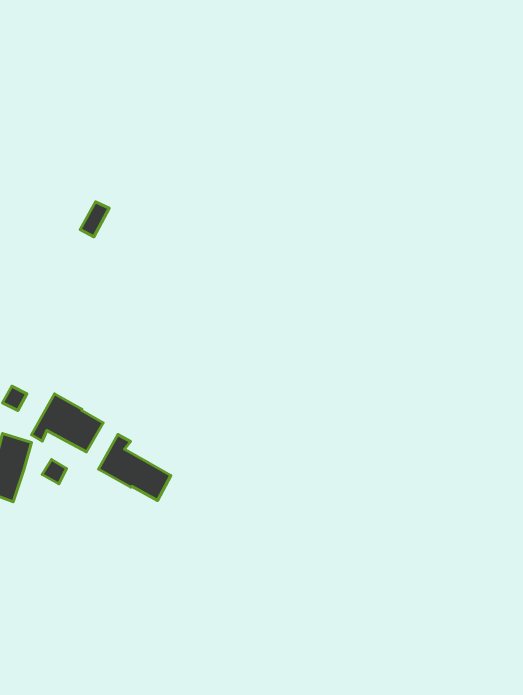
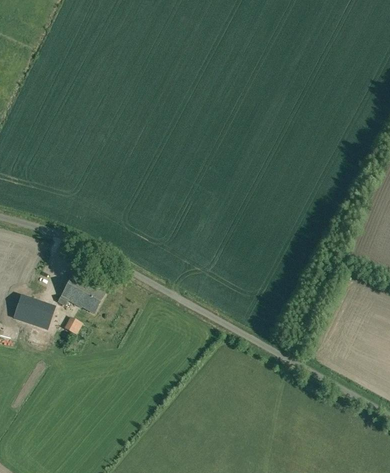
building: [99,434,171,500] -> none

